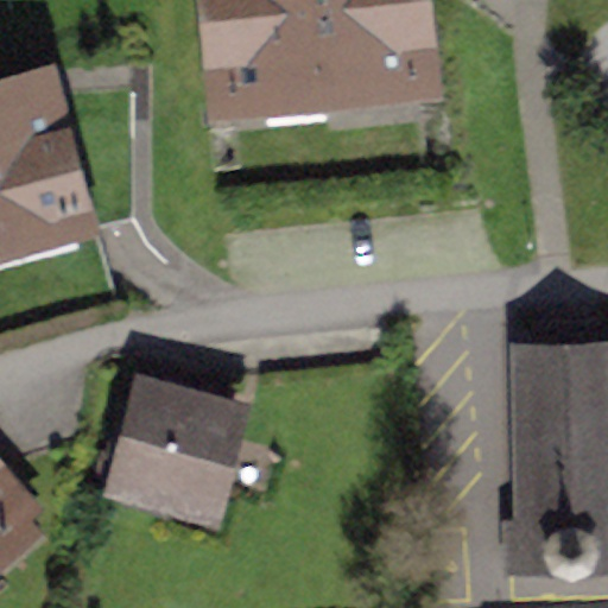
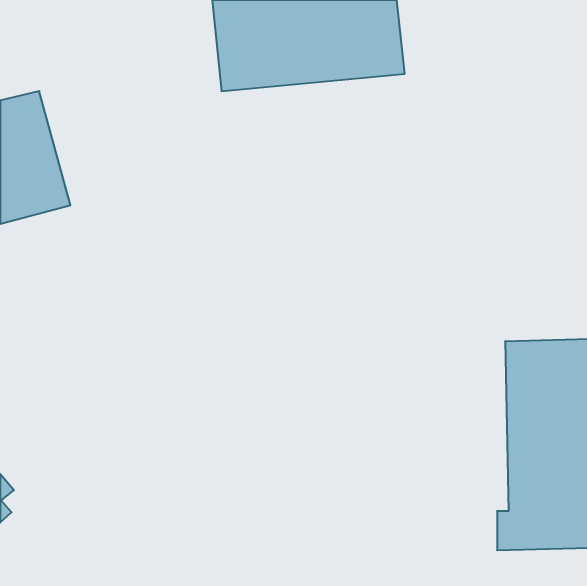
building: [100,378,235,514] -> none

